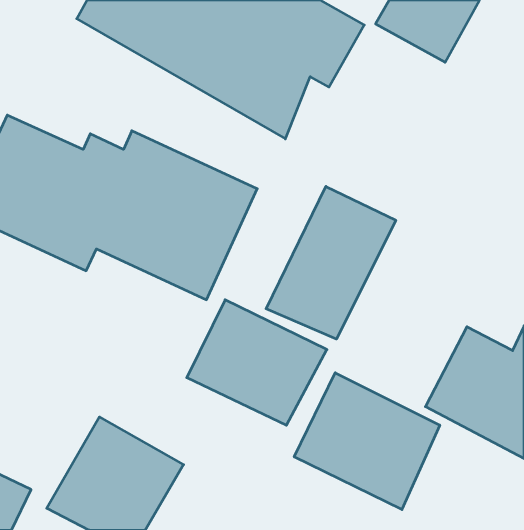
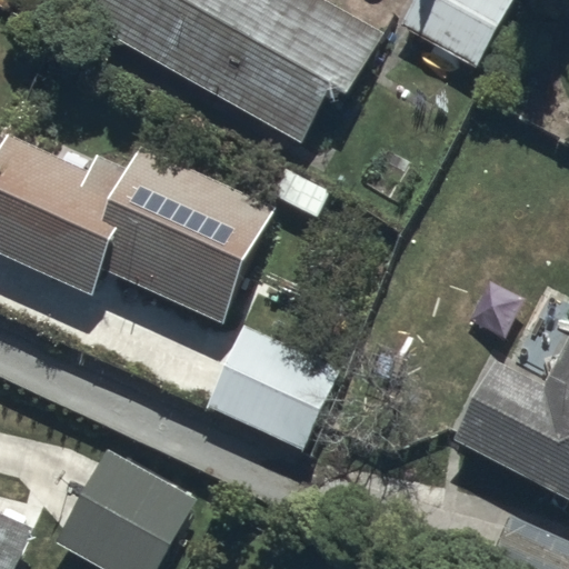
building: [266,186,396,339] -> none
building: [294,373,440,510] -> none

